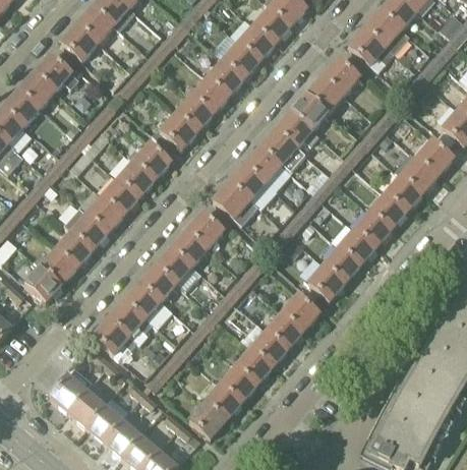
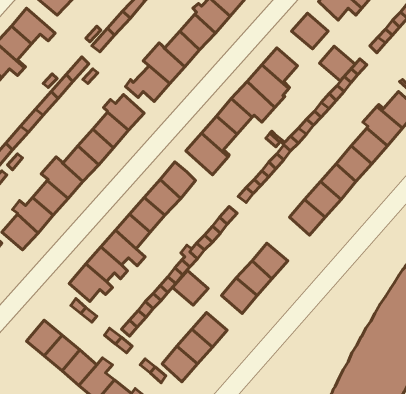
building: [307,76,344,112] -> [319,46,355,81]
building: [306,268,341,300] -> none
building: [235,348,272,384] -> [173,271,208,305]

